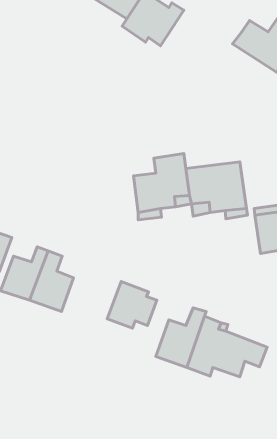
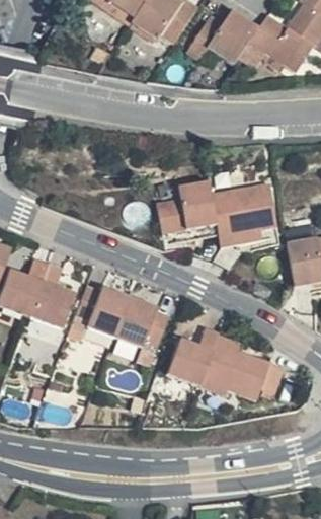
building: none -> [196,18,269,72]
building: none -> [86,297,139,348]

